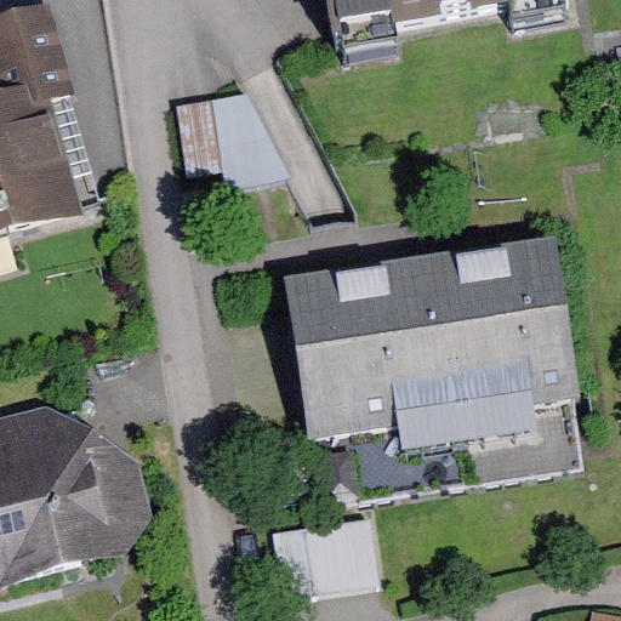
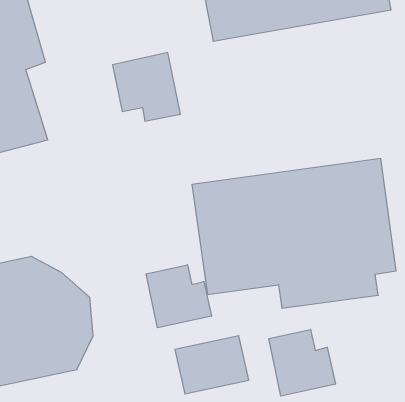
building: none -> [146,265,211,328]
building: none -> [269,329,335,396]

